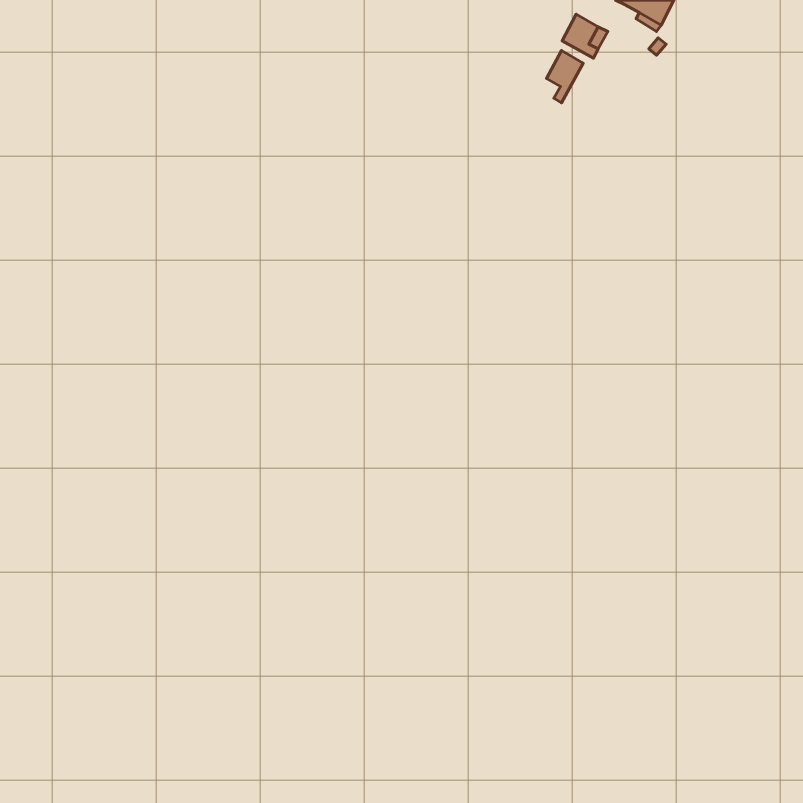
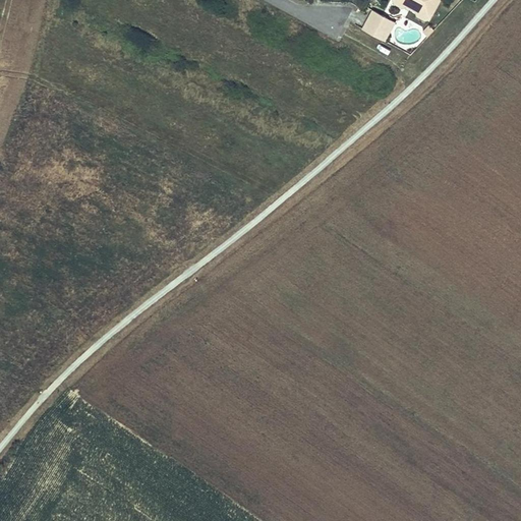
building: [546,50,583,103] -> none

